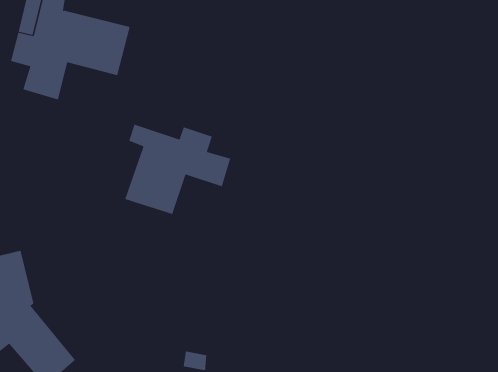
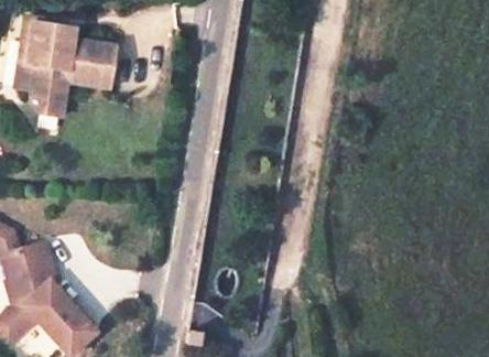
building: [125,124,231,215] -> none

